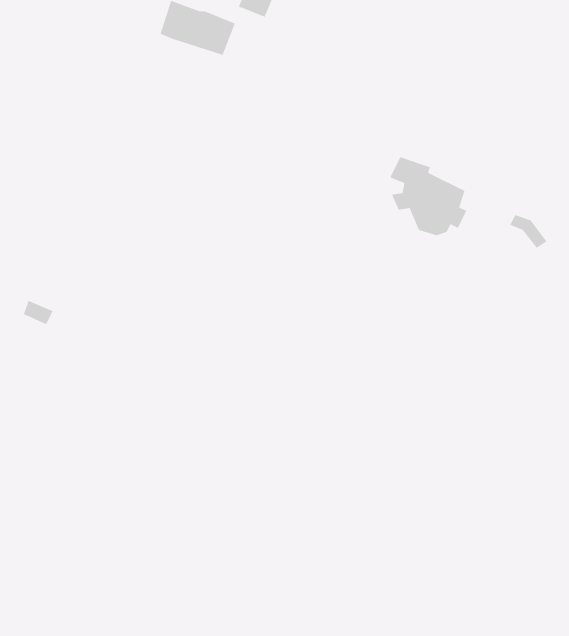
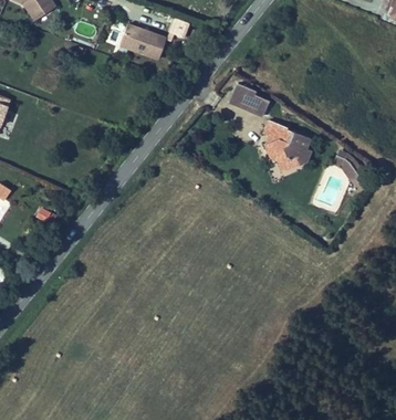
building: none -> [230,84,261,114]

